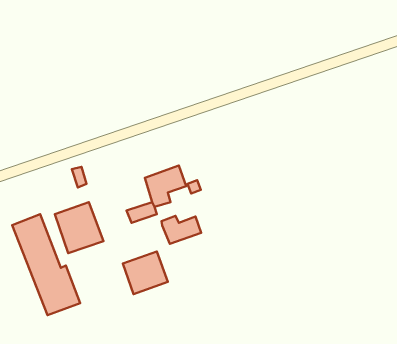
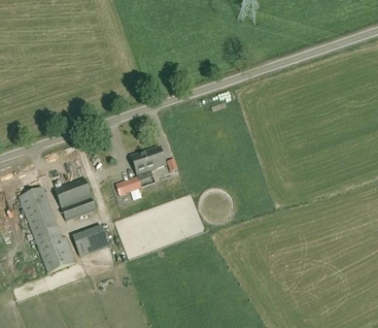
building: [161,216,201,244] -> none
building: [123,251,168,294] -> [72,224,110,260]

